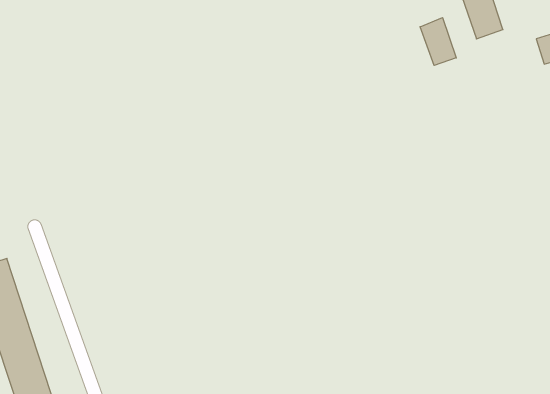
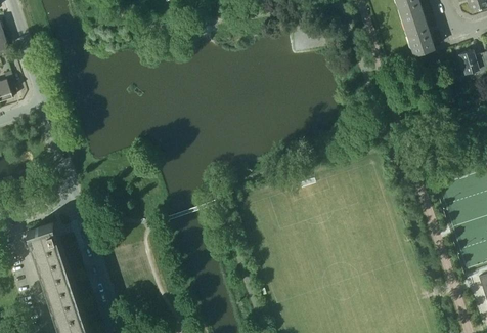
building: [420,18,456,65] -> none

